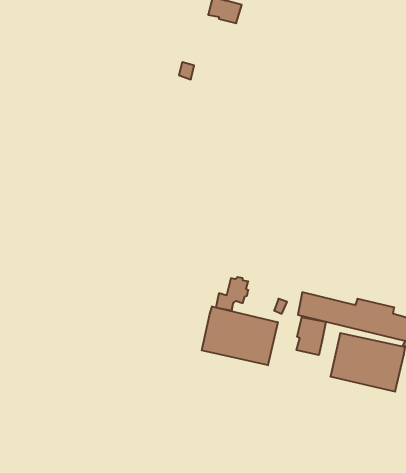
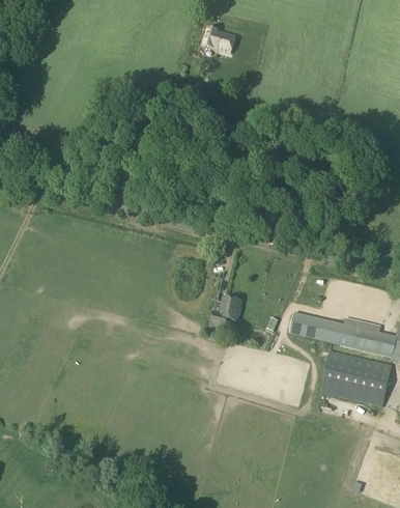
building: [202,306,278,365] -> none
building: [296,317,326,355] -> none

